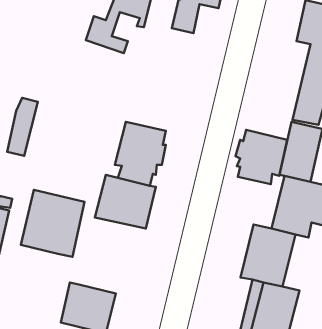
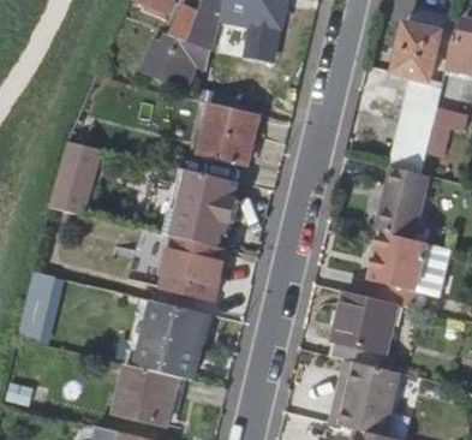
building: none -> [197,102,258,165]
building: [236,130,287,184] -> none
building: [21,190,85,257] -> [132,299,209,380]

